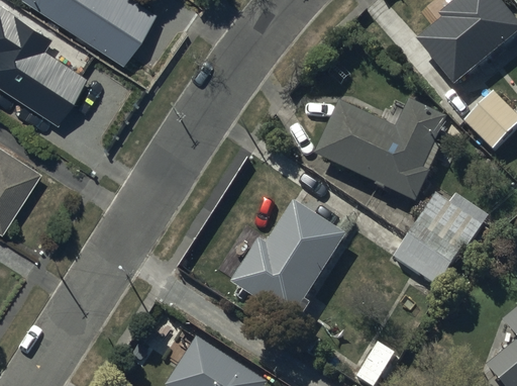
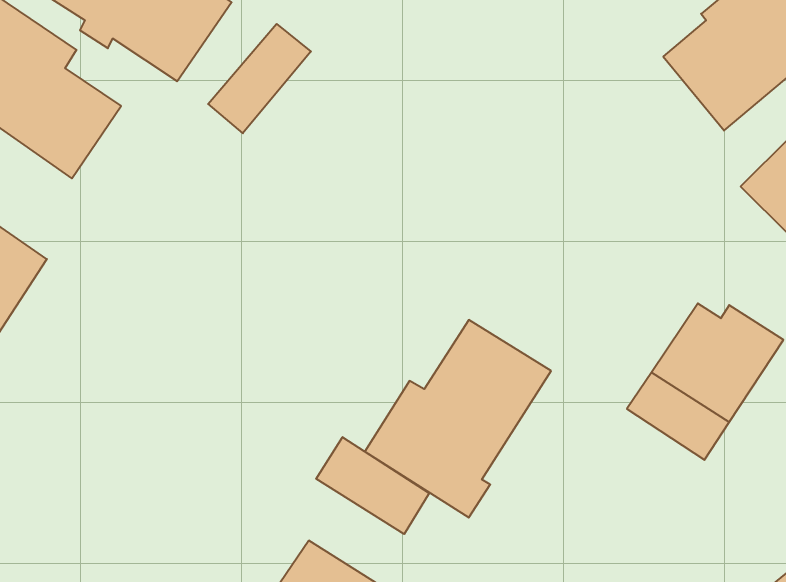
building: none -> [208,24,311,133]
building: [314,101,446,202] -> none
building: none -> [316,437,429,534]

